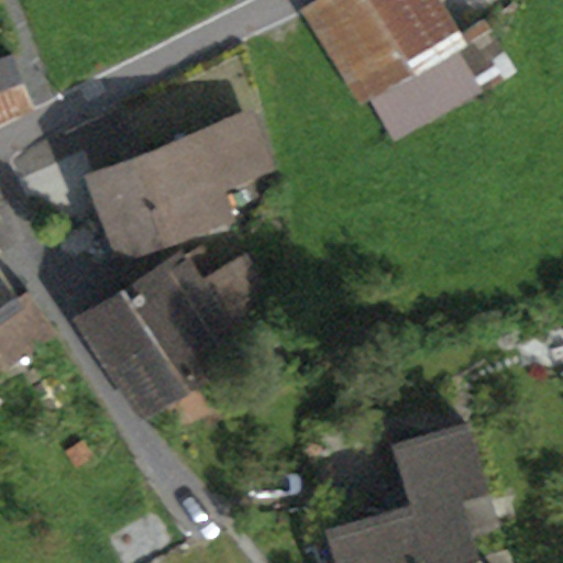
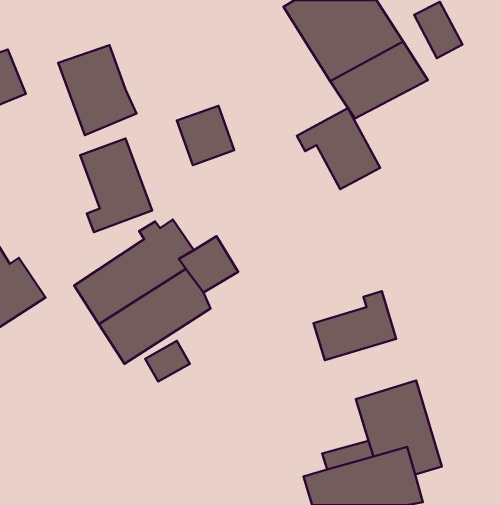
building: none -> [297,108,380,189]
building: [140,134,227,234] -> [58,45,136,135]
building: none -> [314,291,396,360]

